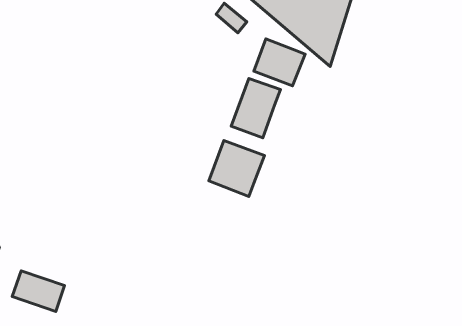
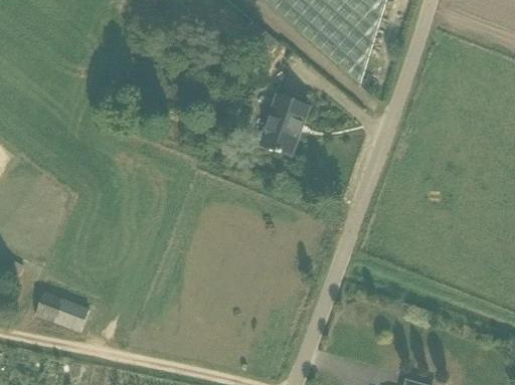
building: [254,39,305,86] -> none
building: [209,140,265,197] -> none

